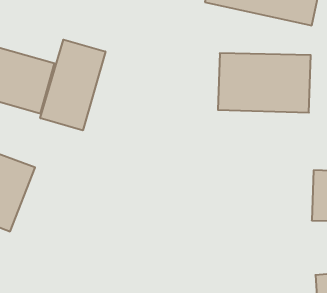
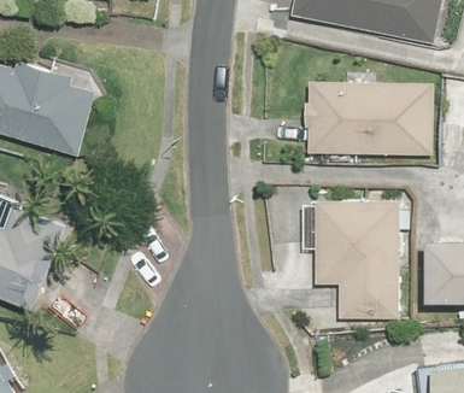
building: [40,40,105,130] -> none
building: none -> [317,200,398,319]

